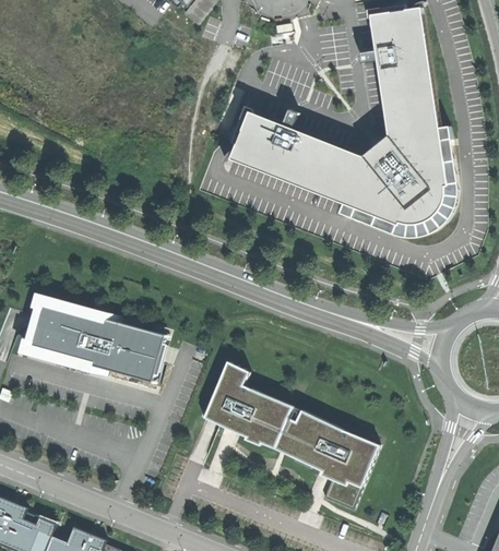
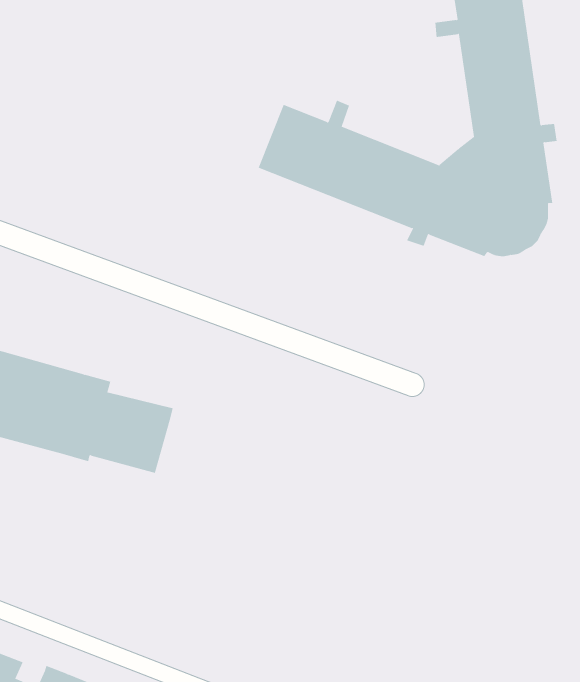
building: [352,140,458,237] -> none
building: [202,361,378,507] -> none

